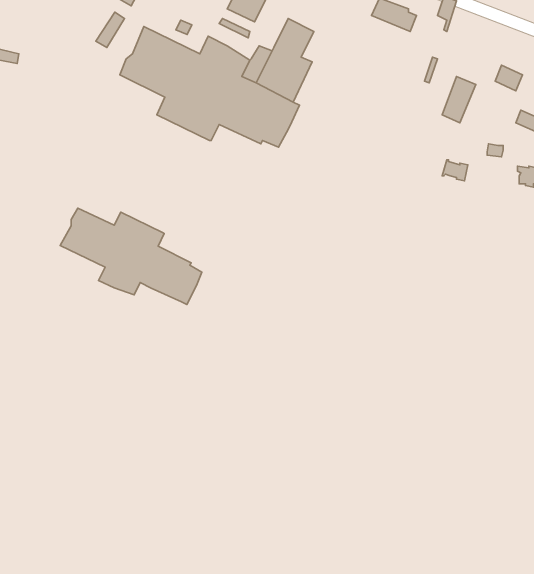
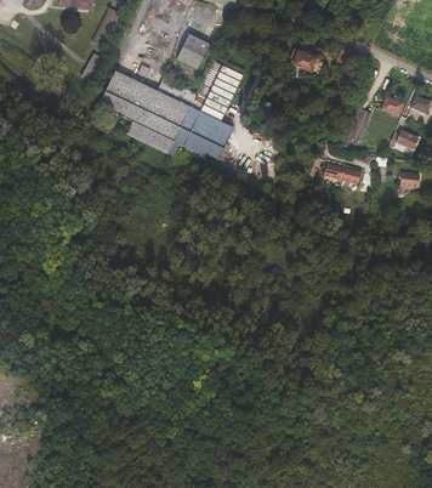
building: [60,208,202,304] -> none

